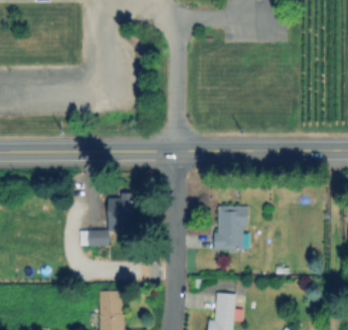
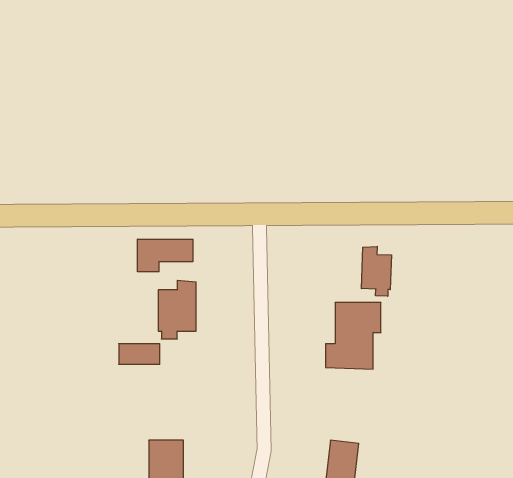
building: none -> [138,239,193,272]
building: none -> [361,246,391,296]

